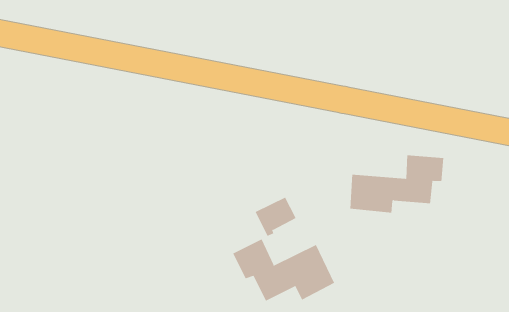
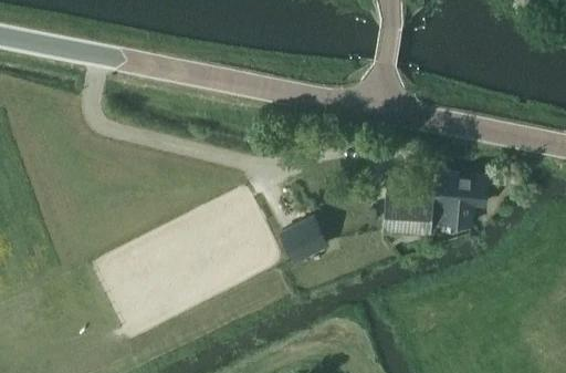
building: [232,239,335,301] -> none

